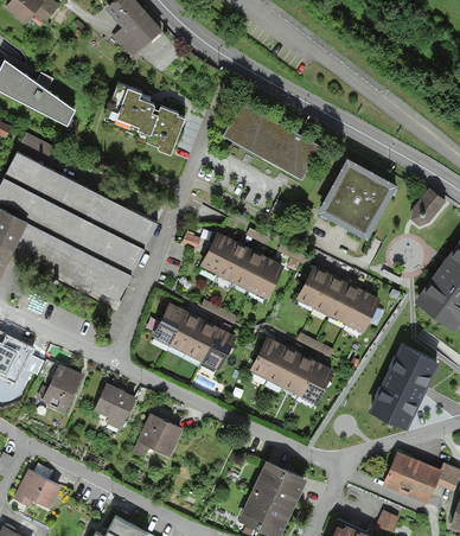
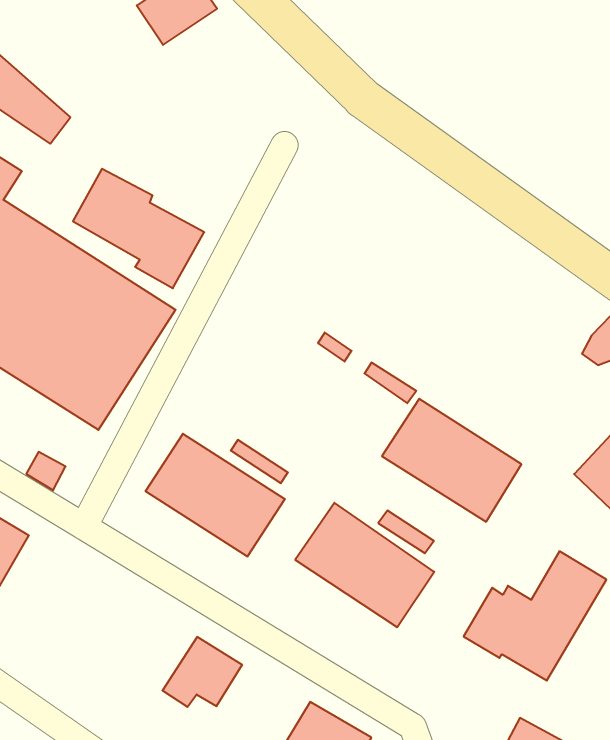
building: [106,88,187,157] -> [73,169,204,288]
building: [224,109,320,185] -> none
building: [318,161,397,243] -> none
building: [198,229,285,300] -> none
building: [92,384,133,428] -> none
building: [134,411,181,455] -> [162,637,242,707]

